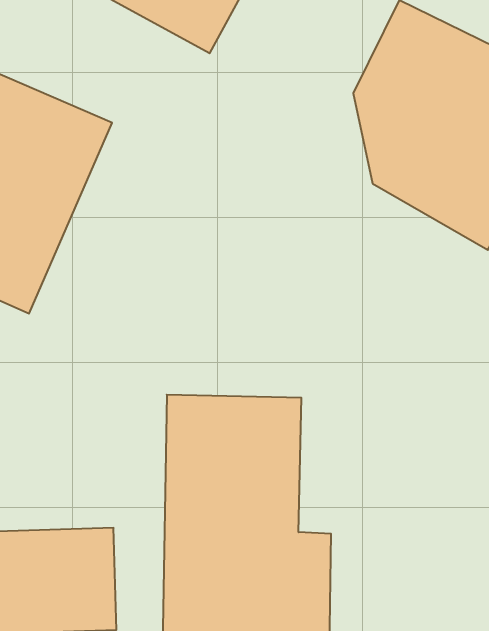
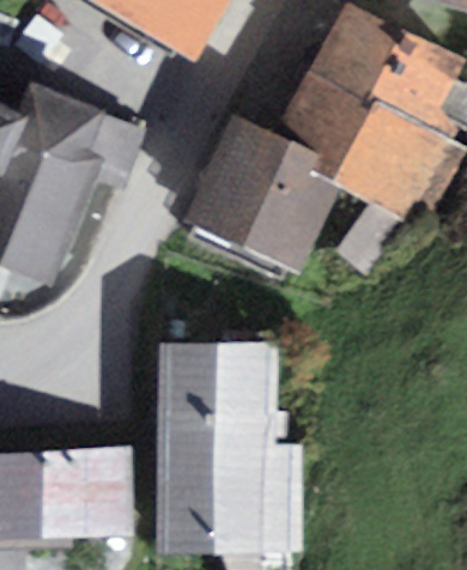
building: none -> [193,138,358,293]

